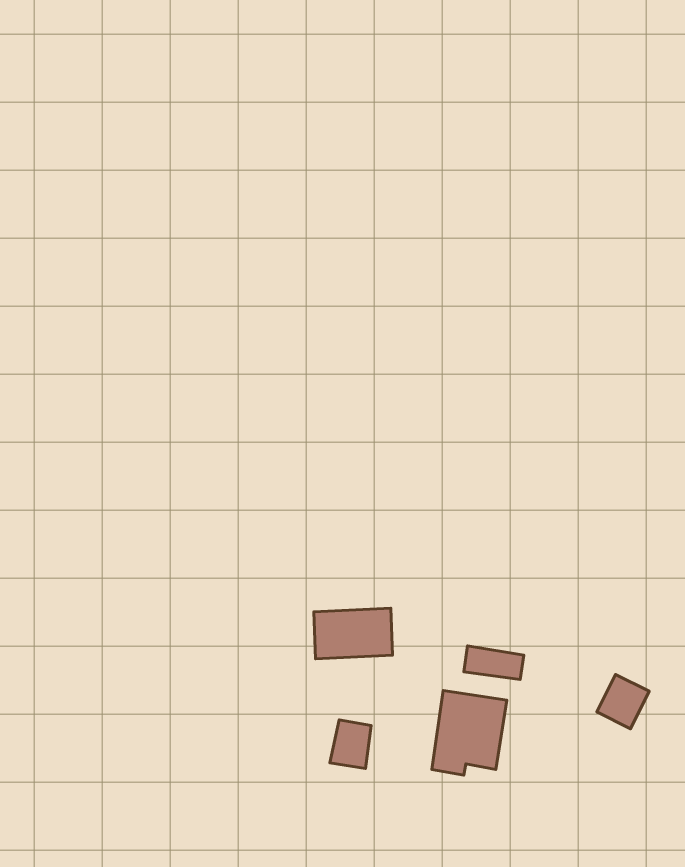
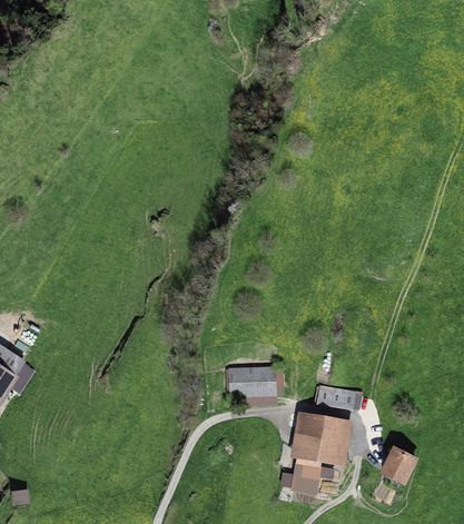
building: [597,674,649,729] -> [384,448,415,481]
building: [330,720,371,769] -> [294,462,318,491]

